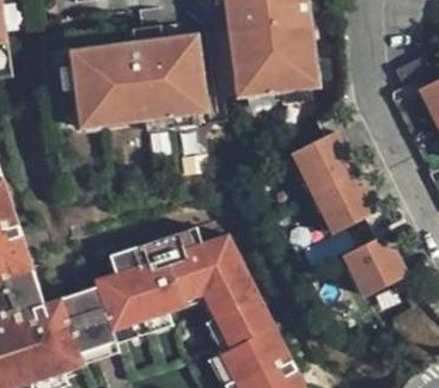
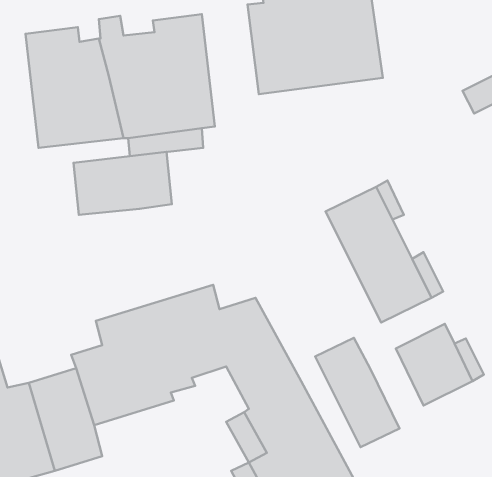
building: none -> [73,152,172,215]
building: none -> [315,338,399,447]

